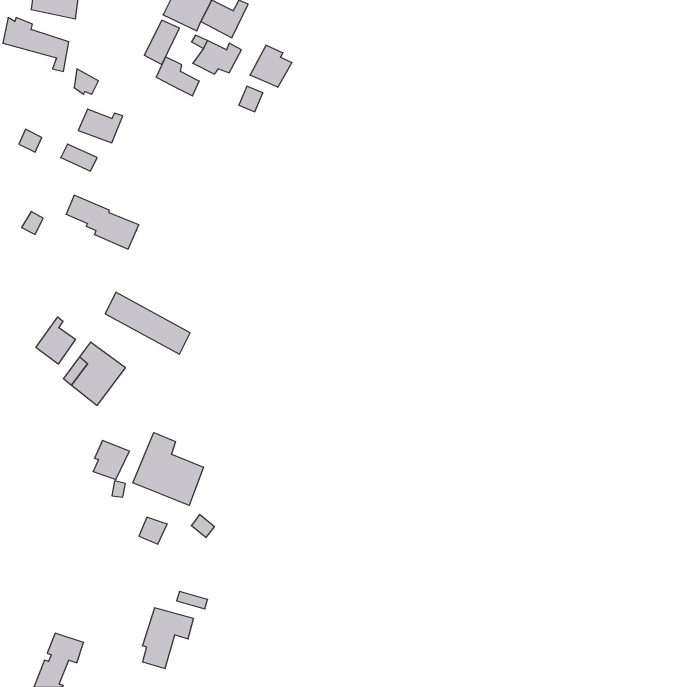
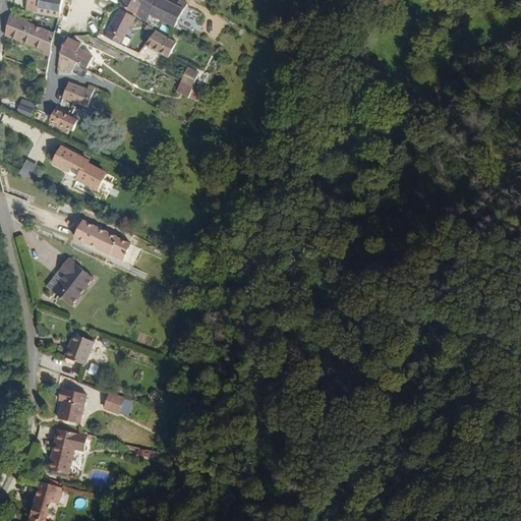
building: [250,45,292,87] -> none
building: [156,57,199,96] -> [58,36,91,65]
building: [36,317,75,364] -> none
building: [133,433,204,505] -> none
building: none -> [57,385,84,421]
building: [142,608,194,668] -> [53,426,92,472]

